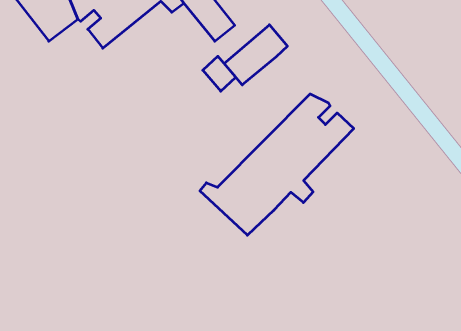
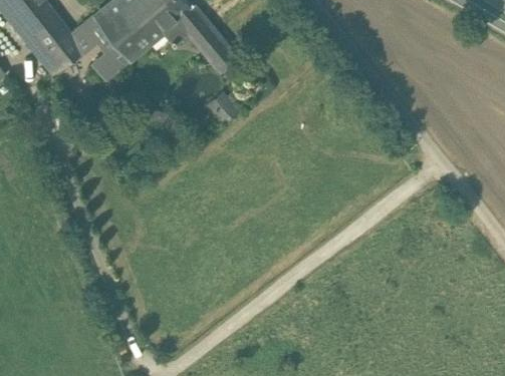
building: [224,25,287,85] -> none
building: [200,94,354,235] -> none

